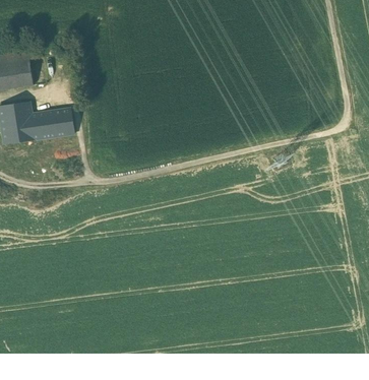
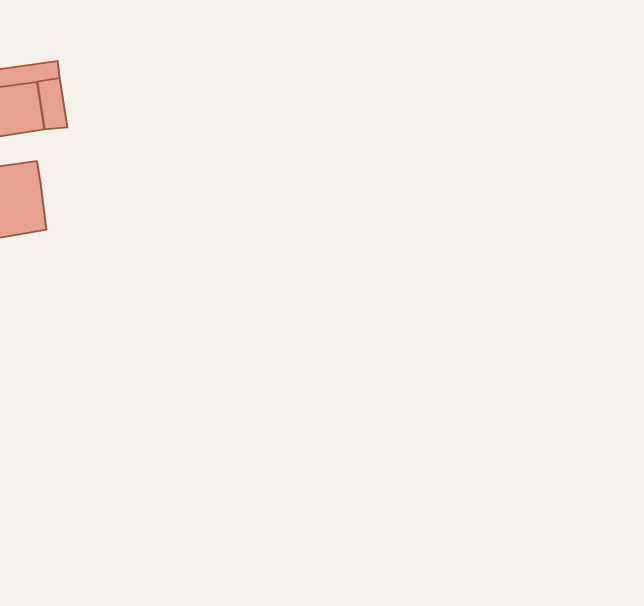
building: [30,109,73,139] -> none

